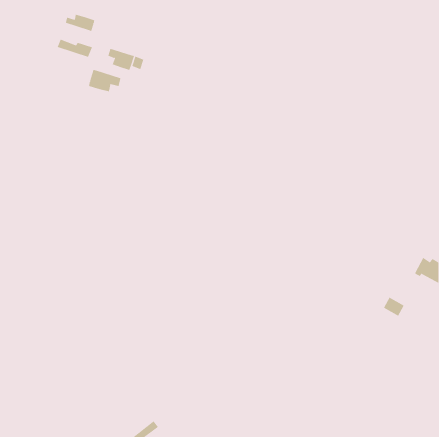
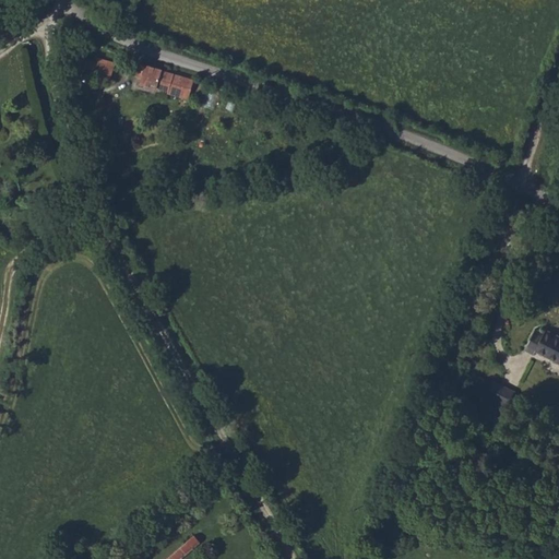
building: [65,14,95,32] -> none
building: [88,69,121,92] -> none

